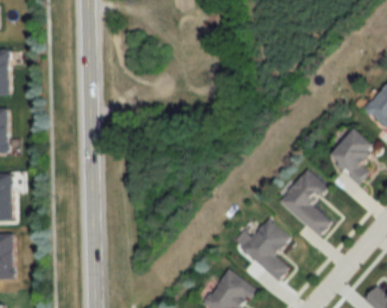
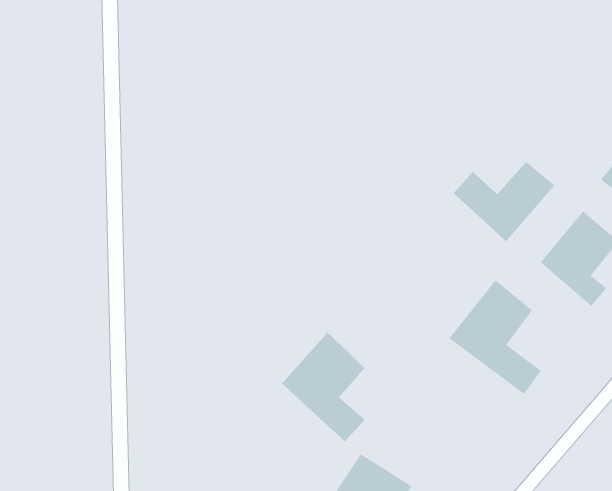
building: none -> [453,161,555,242]
building: [240,217,289,281] -> [281,332,366,442]

